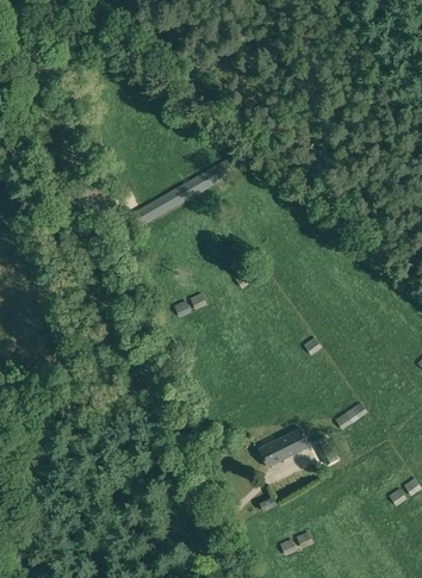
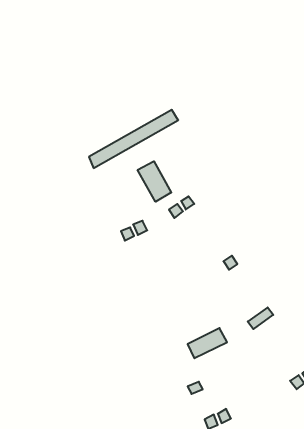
building: none -> [138,161,171,202]

